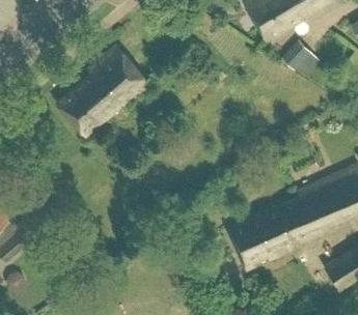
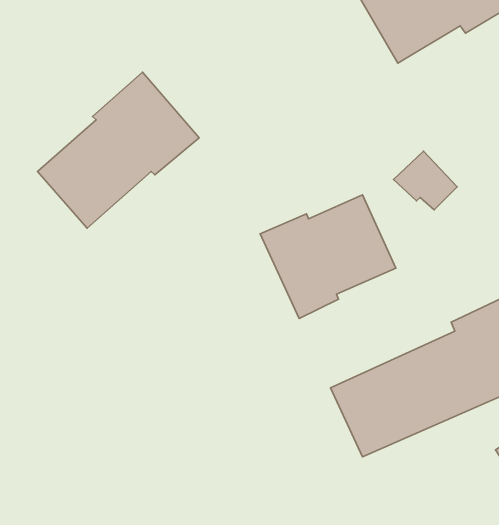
building: [281,41,319,76] -> [393,151,457,210]
building: none -> [260,195,396,318]

